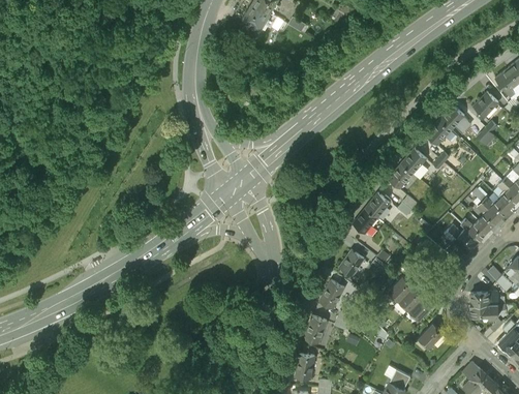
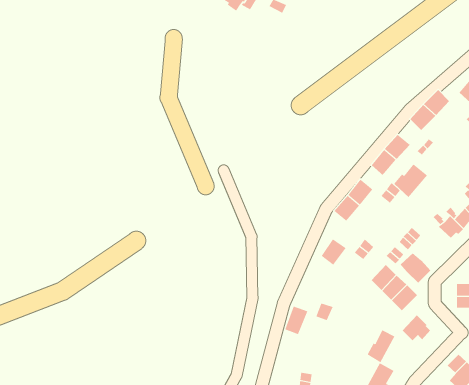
building: none -> [393,163,428,198]
building: none -> [400,252,431,284]
building: [319,279,344,308] -> none
building: none -> [367,330,395,363]
building: [295,353,314,381] -> none

